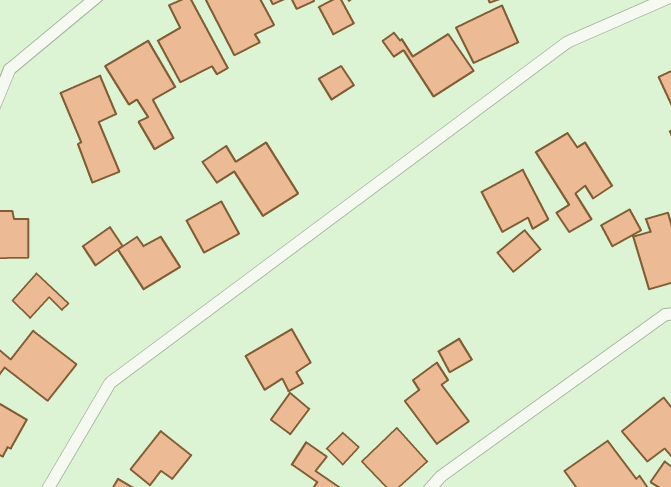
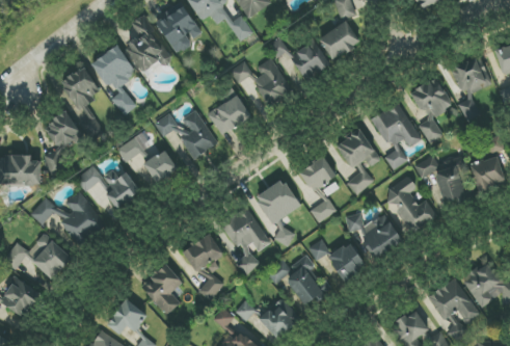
building: none -> [254,58,291,105]
building: none -> [410,77,452,143]
building: none -> [207,88,251,136]
building: none -> [43,111,83,174]
building: none -> [116,132,151,163]
building: none -> [294,156,337,220]
building: none -> [384,176,439,234]
building: none -> [254,180,298,245]
building: none -> [59,193,103,244]
building: none -> [220,209,268,274]
building: none -> [345,214,403,260]
building: none -> [327,242,367,282]
building: none -> [140,264,183,315]

